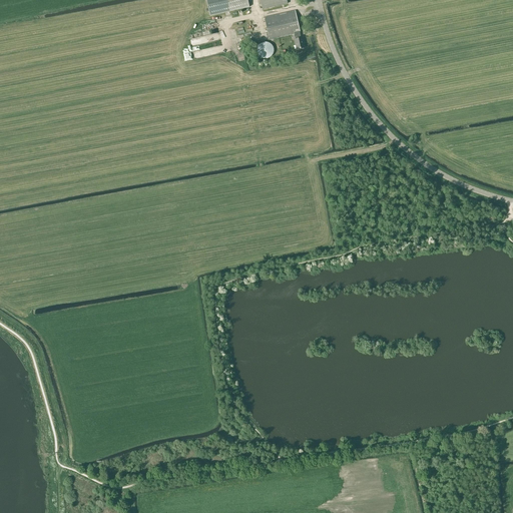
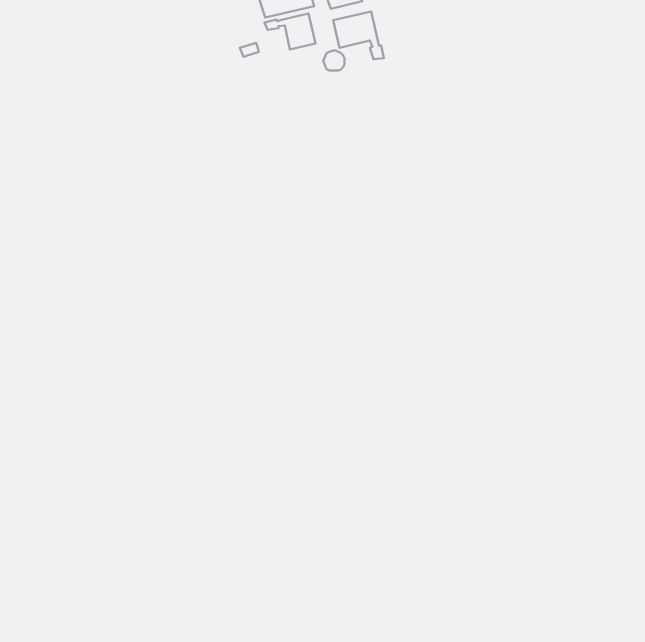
building: none -> [265,14,315,50]

